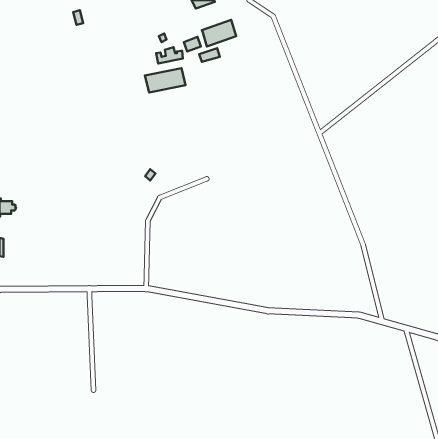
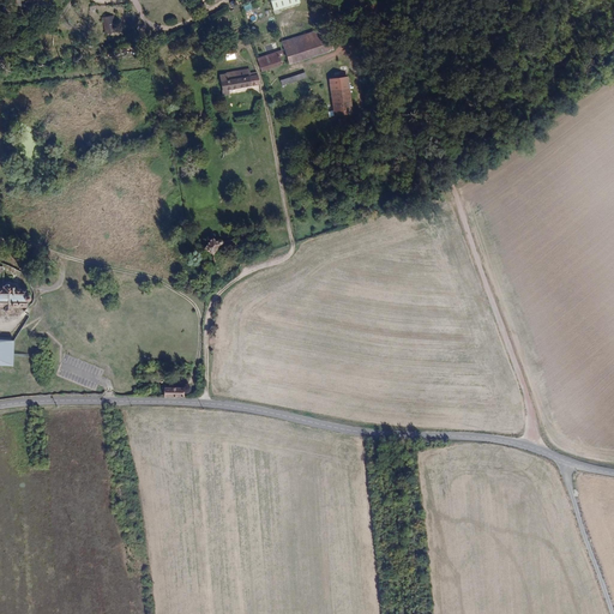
building: none -> [329,77,353,116]
building: [145,68,186,93] -> none

